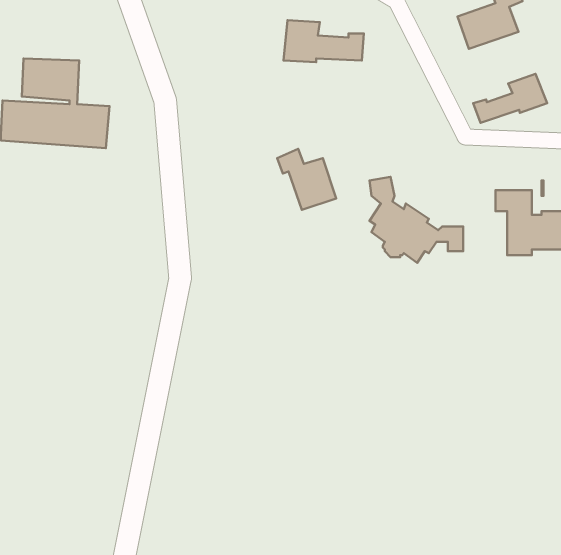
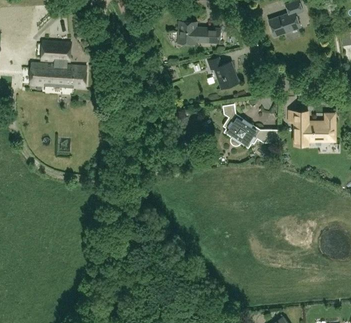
building: [473,74,547,123] -> none
building: [277,149,336,210] -> [208,56,239,88]

